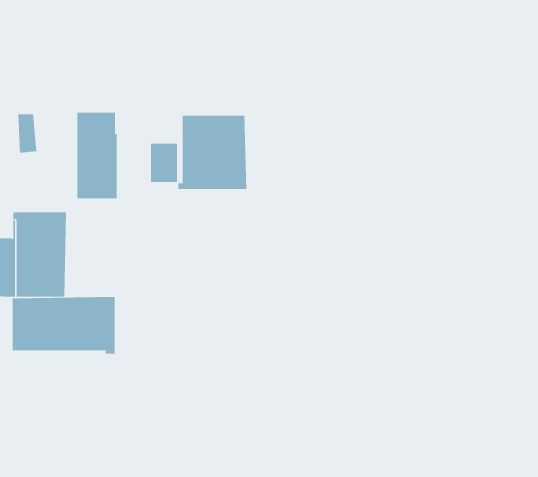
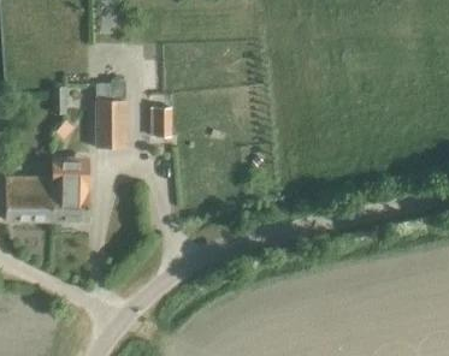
building: [178,115,247,190] -> none
building: [12,296,115,355] -> none

